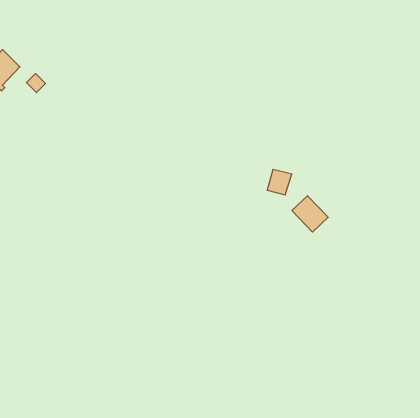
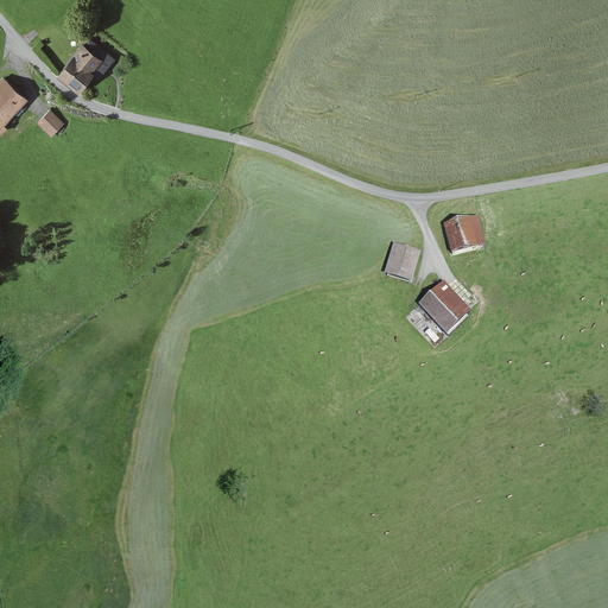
building: none -> [58,40,104,88]
building: none -> [442,215,484,253]

